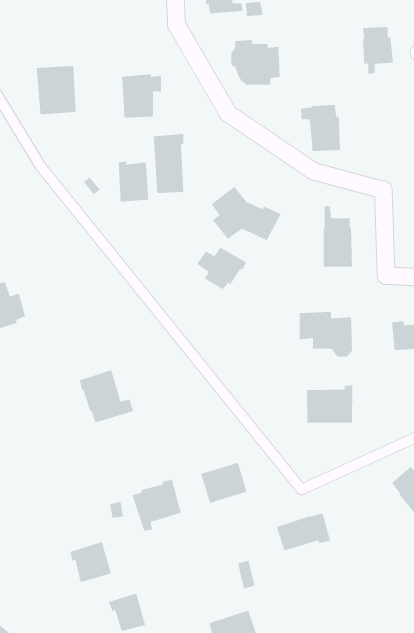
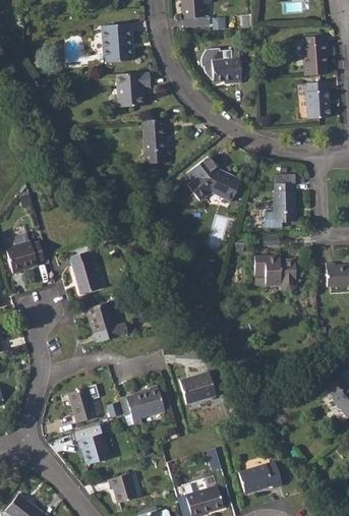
building: [36,65,77,115] -> [102,23,133,62]
building: [300,104,341,152] -> [299,81,331,118]
building: [118,161,149,203] -> none
building: [196,246,247,290] -> none
building: none -> [70,251,101,294]
building: [306,385,353,423] -> none
building: none -> [68,387,97,421]
building: [276,512,331,552] -> [239,462,282,493]

